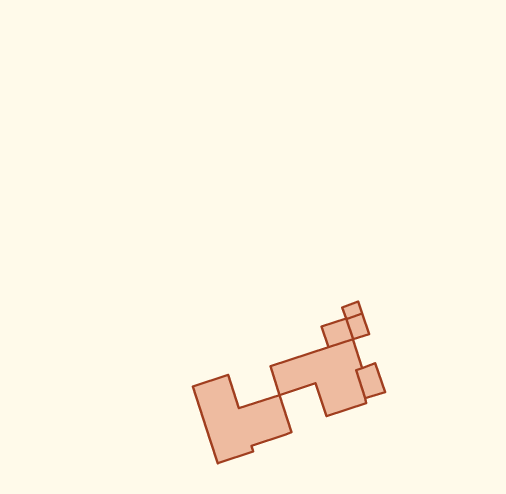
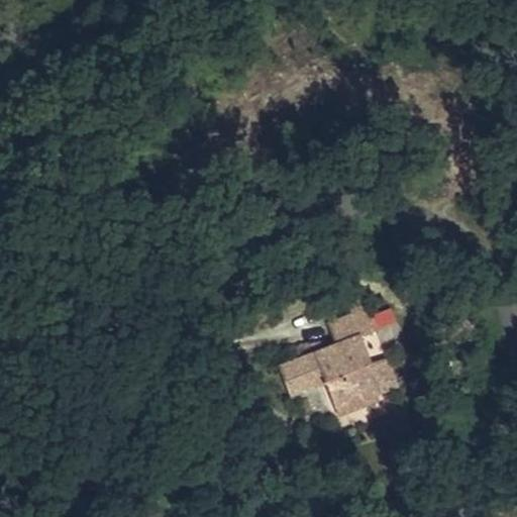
building: [193,375,291,463] -> none

